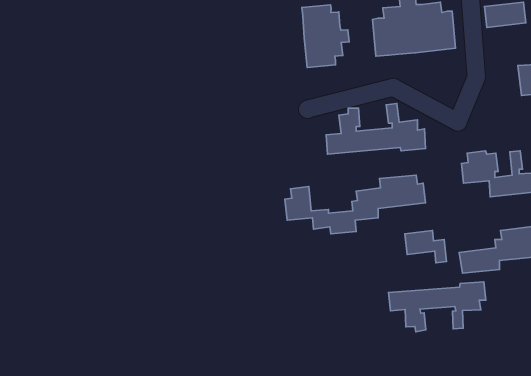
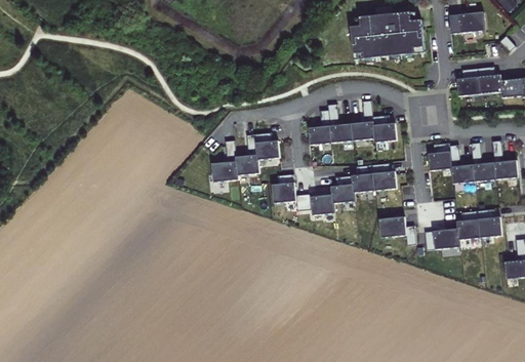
building: [302,5,349,67] -> none
building: none -> [457,67,482,96]
building: none -> [210,131,279,182]
building: [388,282,486,332] -> none

